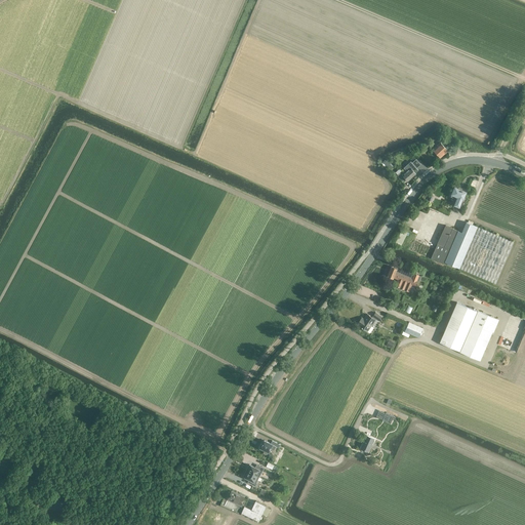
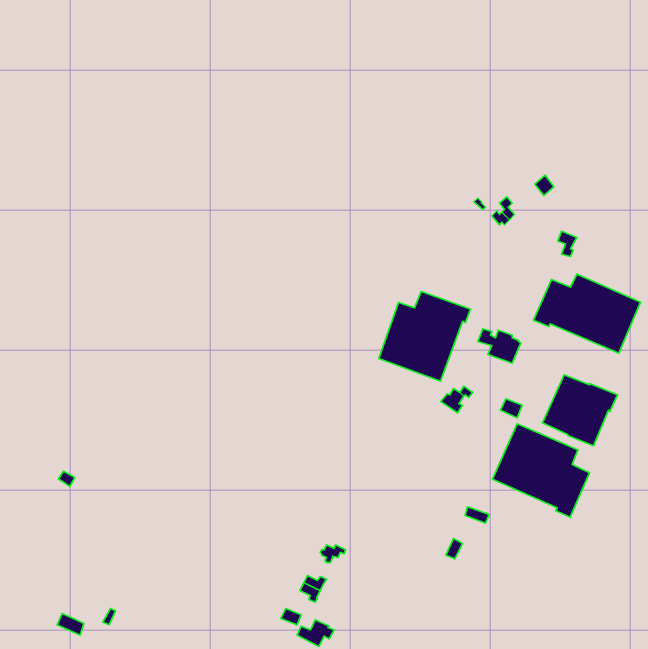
building: none -> [379,291,471,381]
building: none -> [493,424,590,517]

